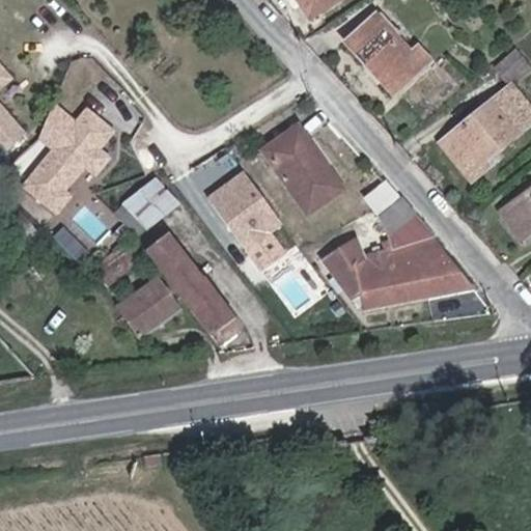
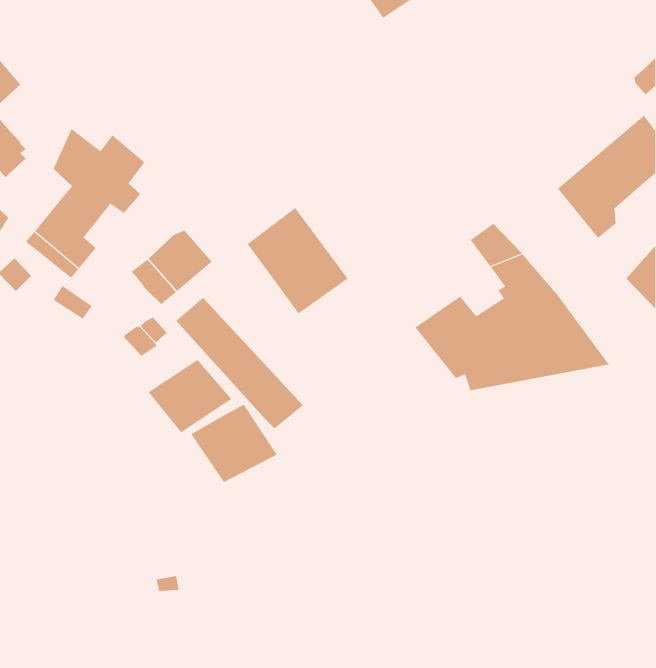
building: [346,16,430,101] -> none
building: [270,119,347,205] -> none
building: none -> [191,404,278,483]

